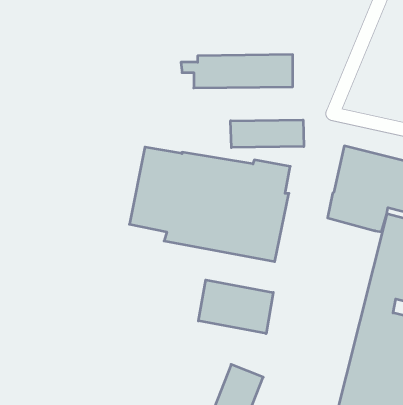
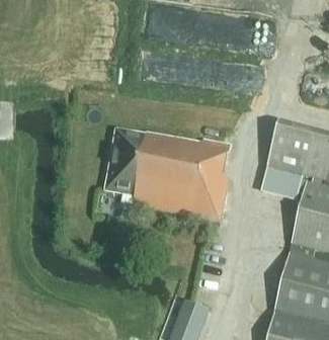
building: [231,120,304,148] -> none
building: [198,280,273,334] -> none

